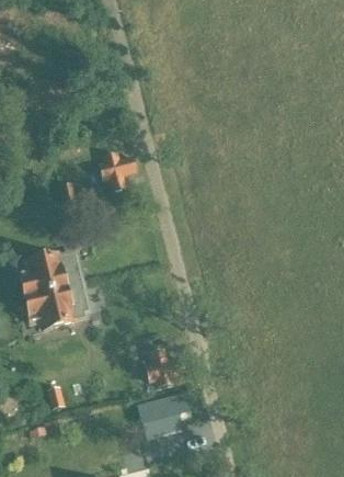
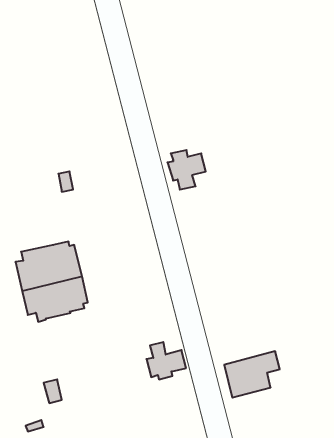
building: [99,152,136,191] -> [167,150,206,190]
building: [136,391,190,436] -> [224,351,280,398]

